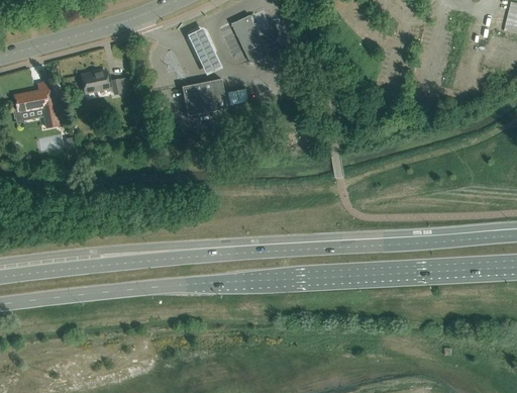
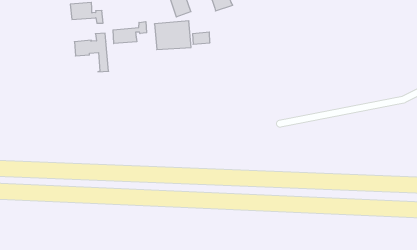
building: [15,81,59,126] -> [74,33,109,72]
building: none -> [113,22,147,44]

